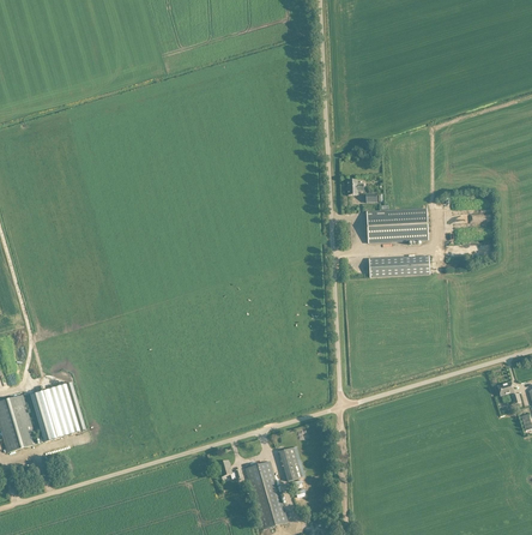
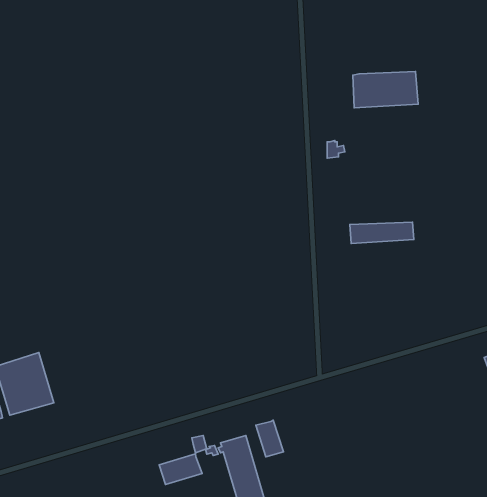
building: [365,208,428,242] -> [353,71,418,108]
building: none -> [159,454,202,484]

